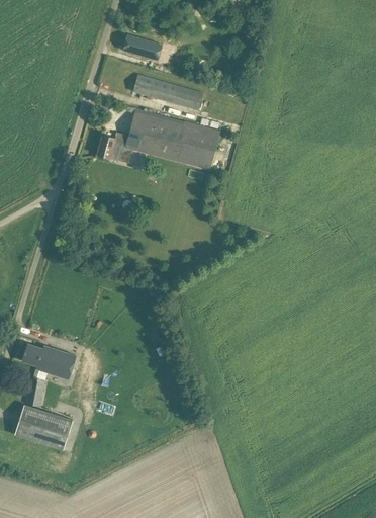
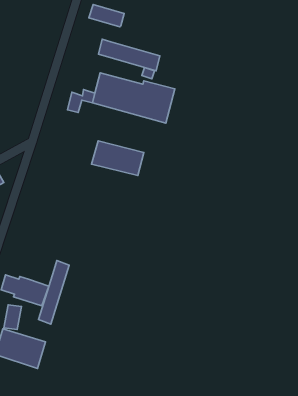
building: none -> [92,141,144,175]
building: none -> [39,260,69,324]

